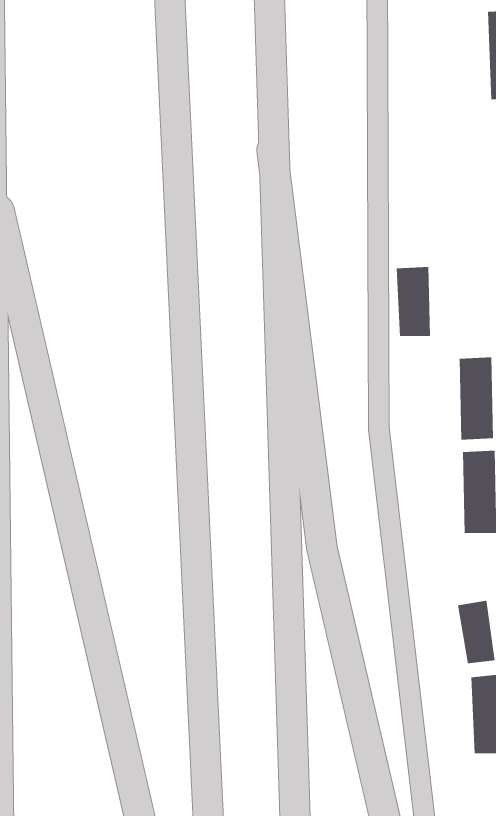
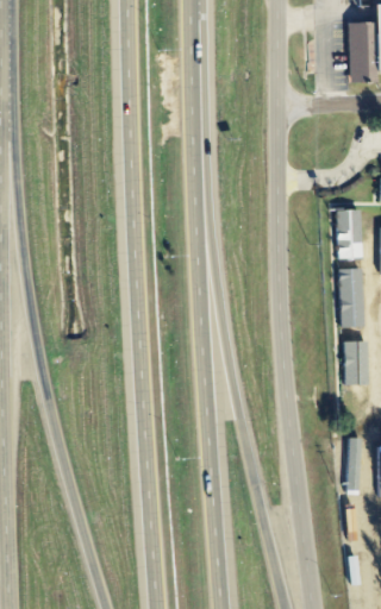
building: [396,266,431,337] -> [336,207,361,257]

